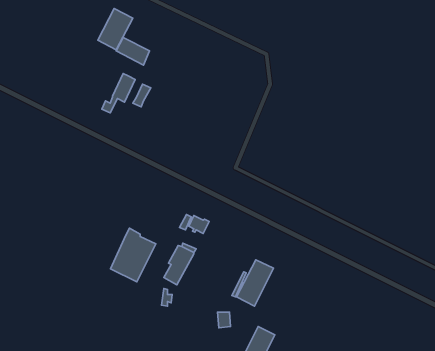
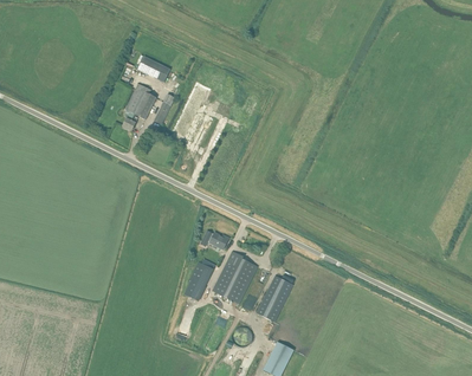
building: [98,9,133,50] -> none
building: [110,228,156,282] -> [213,249,258,303]

